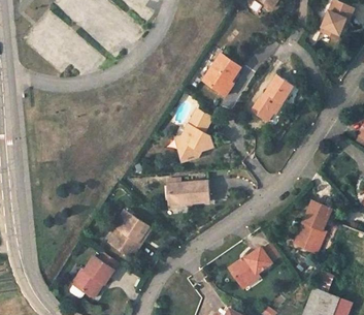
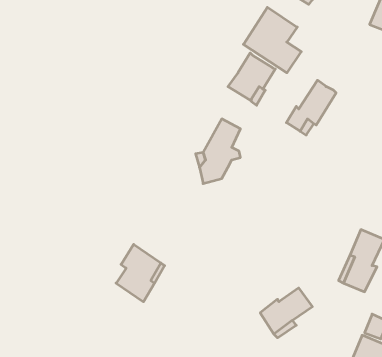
building: none -> [243,7,301,73]
building: [166,181,207,203] -> none
building: [70,259,113,301] -> none

